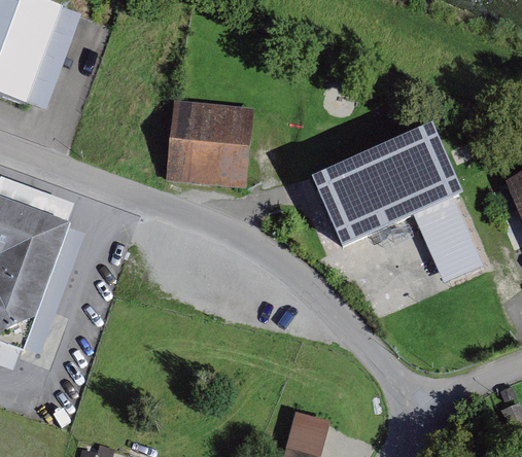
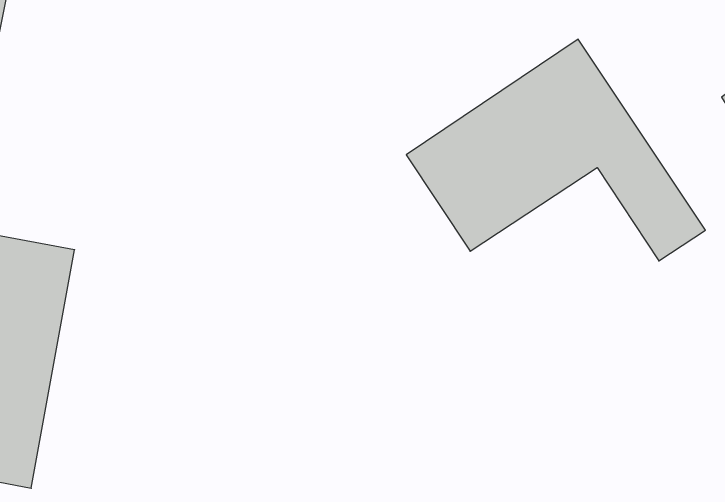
building: [166,100,255,186] -> none

